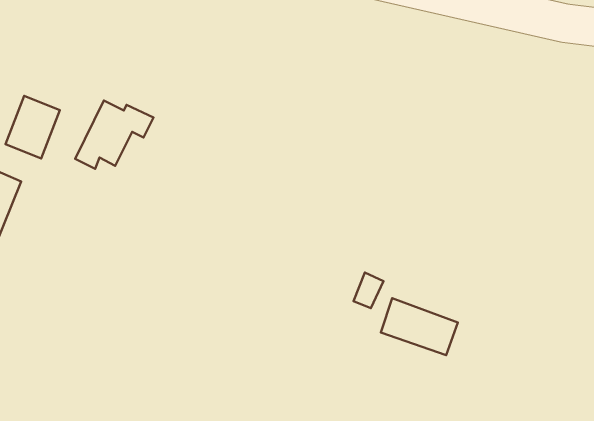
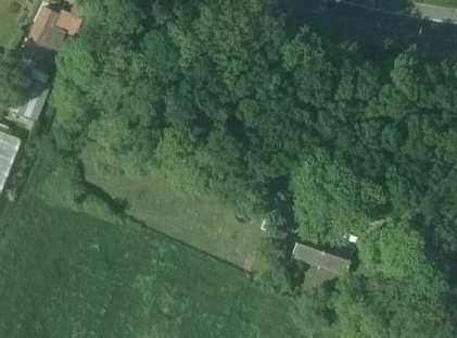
building: [75,100,154,169] -> [20,9,79,61]

